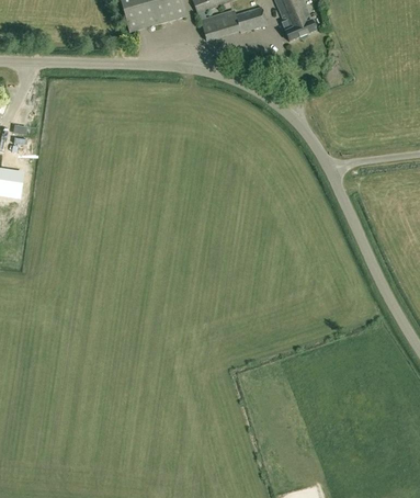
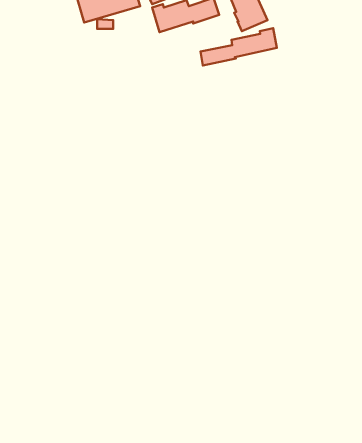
building: none -> [200,28,277,65]

